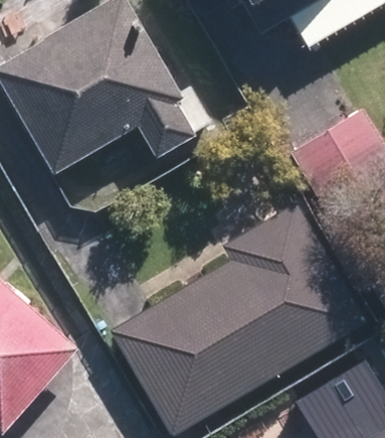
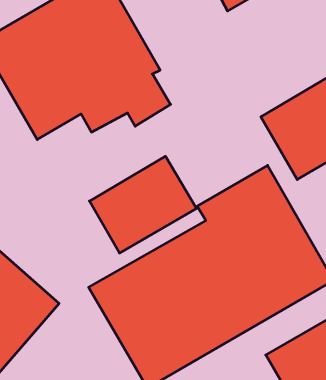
building: none -> [89,156,196,253]

